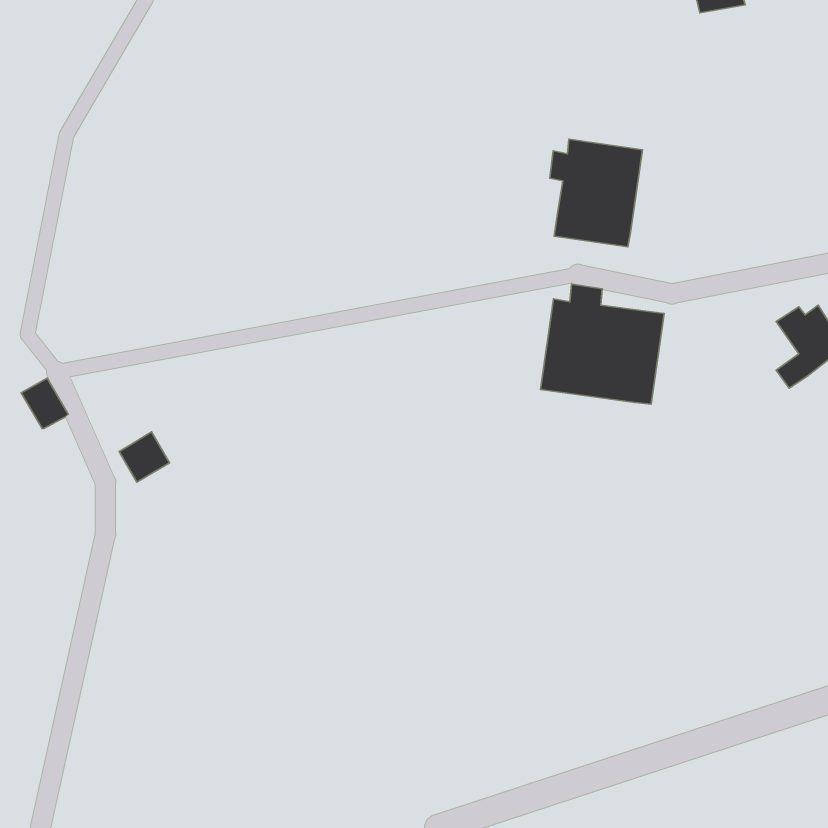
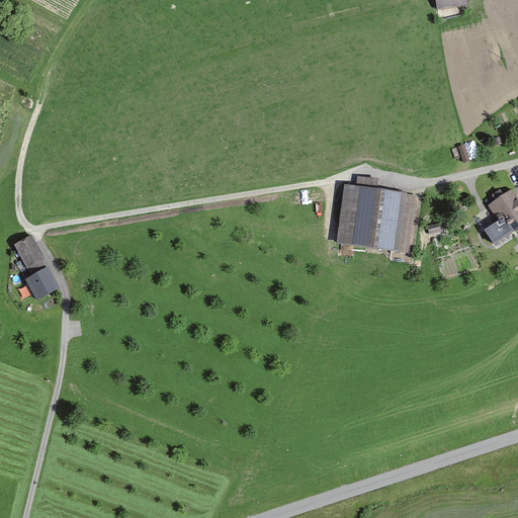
building: [550,139,643,247] -> none
building: [119,432,169,482] -> [25,267,57,298]

